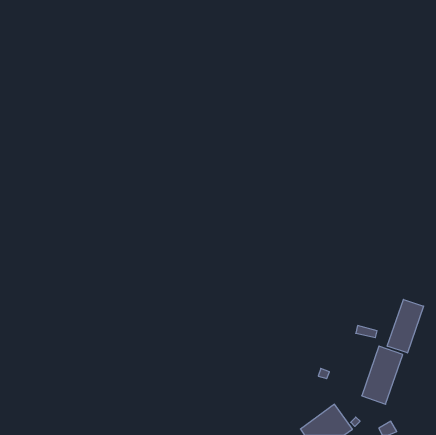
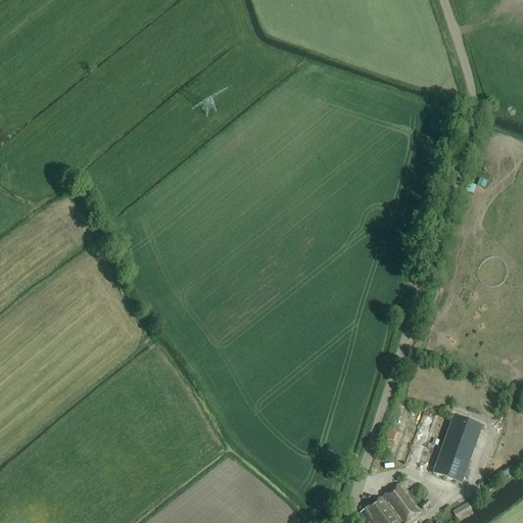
building: [387,299,424,353] -> none

